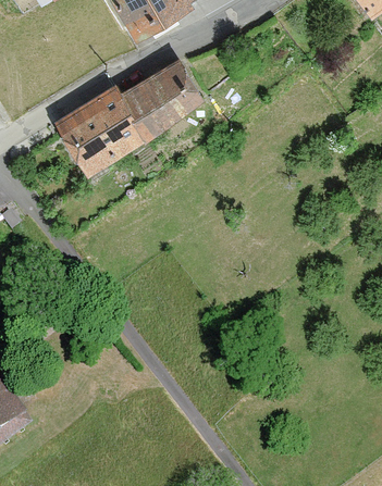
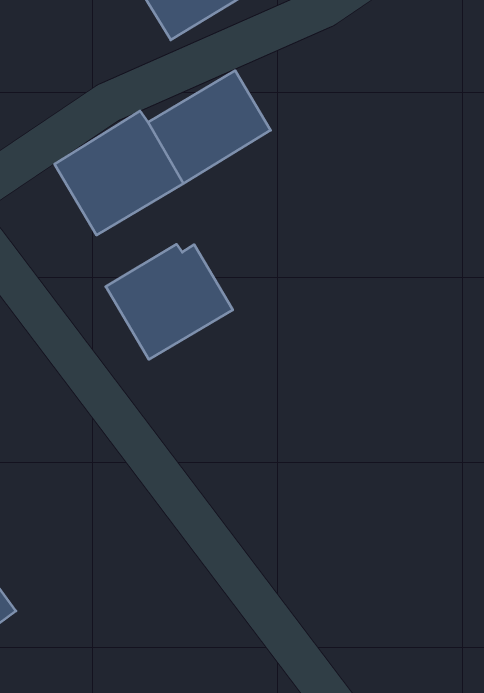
building: none -> [106,244,233,359]

